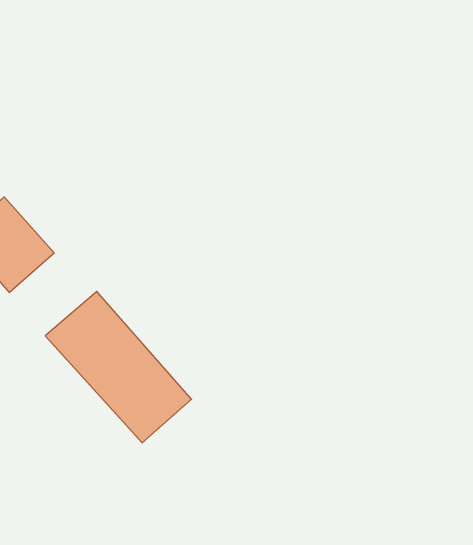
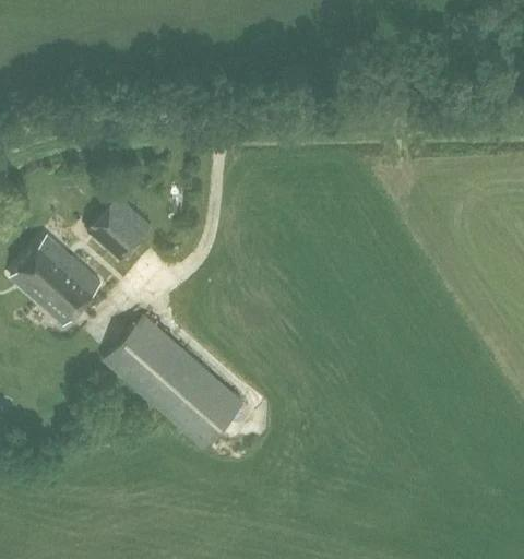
building: none -> [86,198,153,263]

